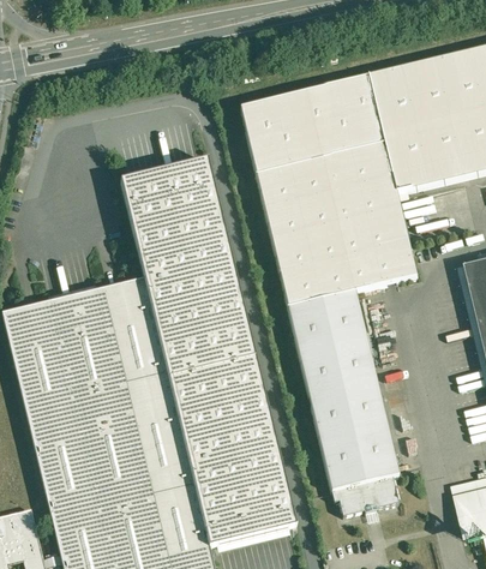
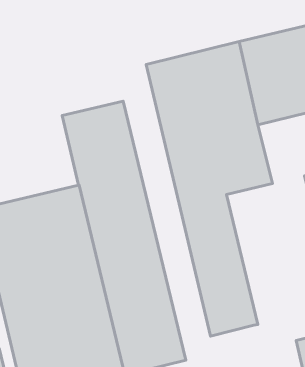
building: [331,474,398,514] -> none

